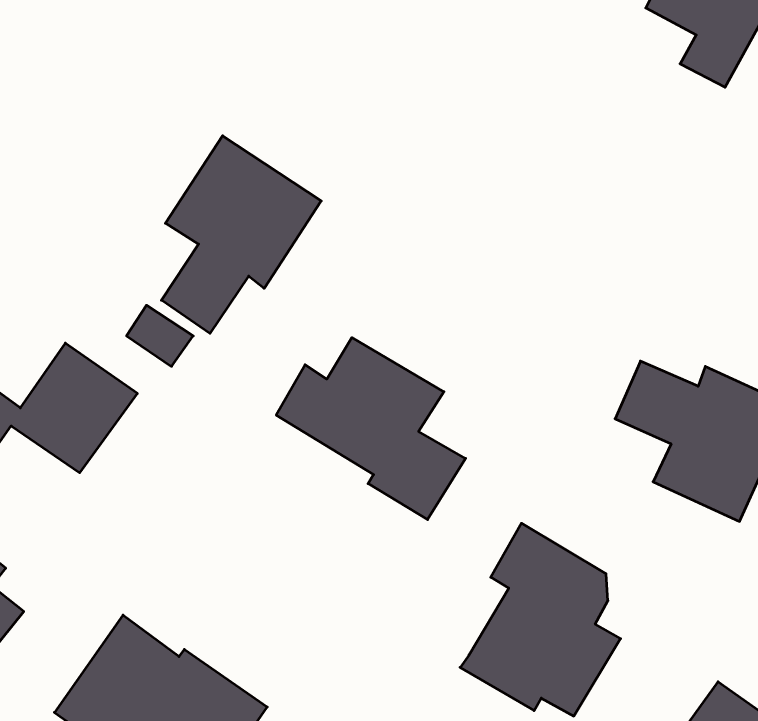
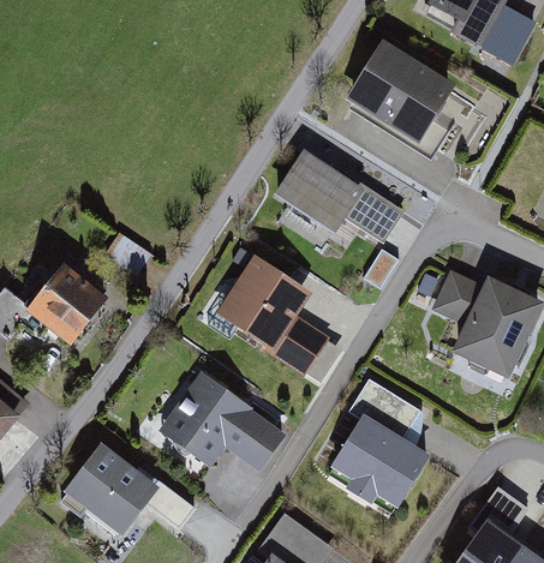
building: none -> [346,41,458,148]
building: [161,136,321,333] -> none
building: none -> [275,151,402,251]
building: none -> [150,369,283,469]

